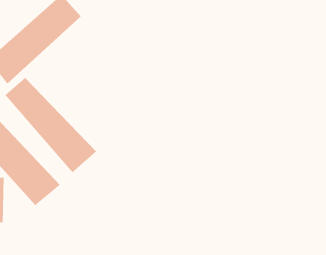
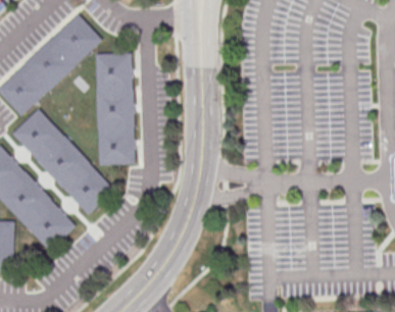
building: none -> [94,52,134,167]

